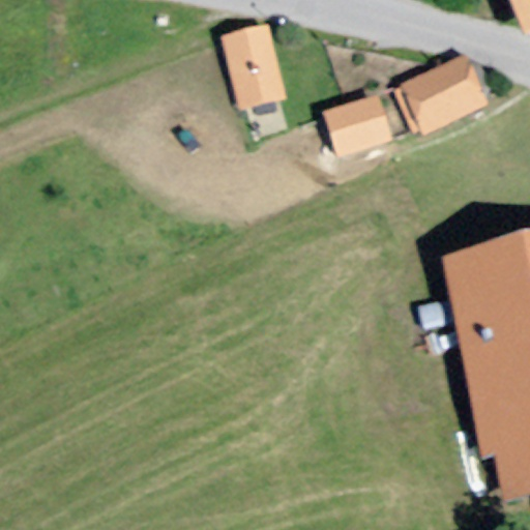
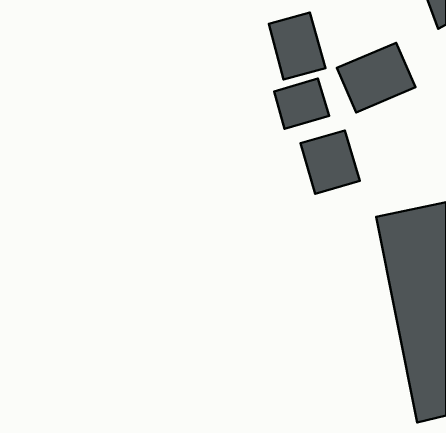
building: [219,27,287,107] -> [269,12,325,80]
building: none -> [300,130,360,194]

